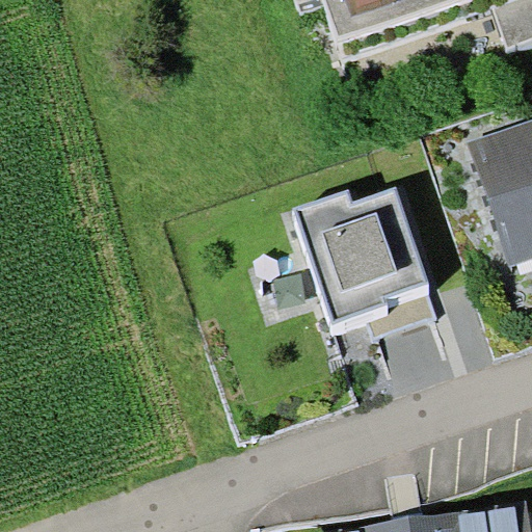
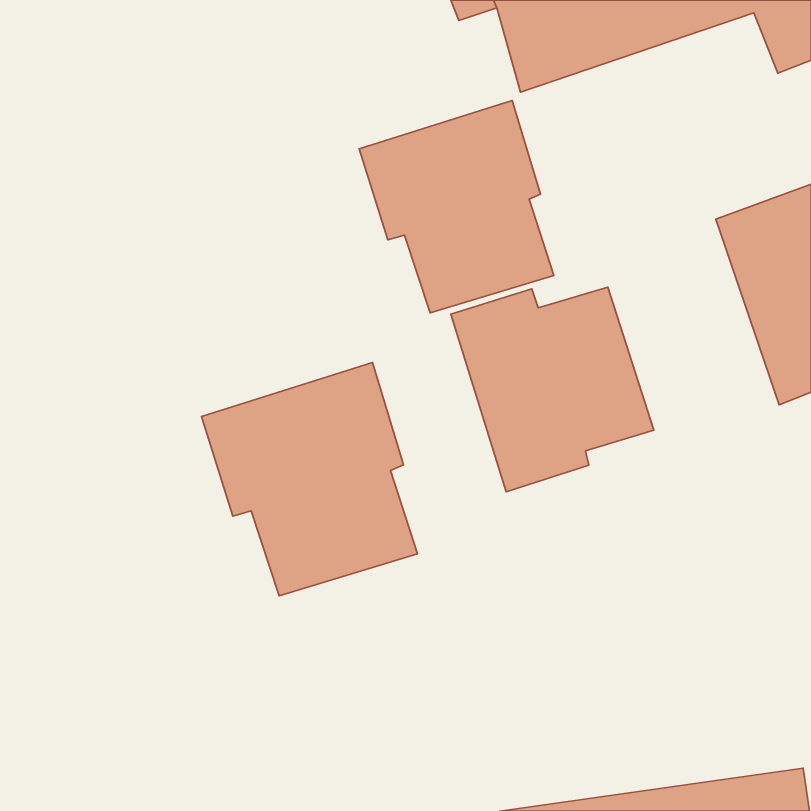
building: none -> [359,101,554,313]
building: none -> [201,363,417,596]

